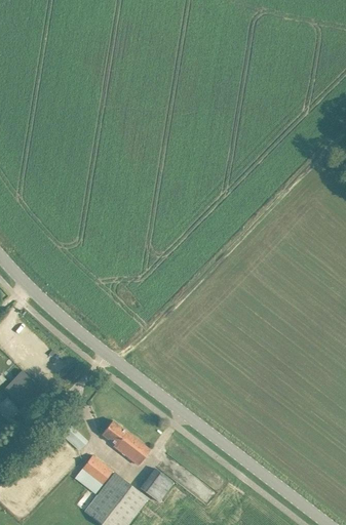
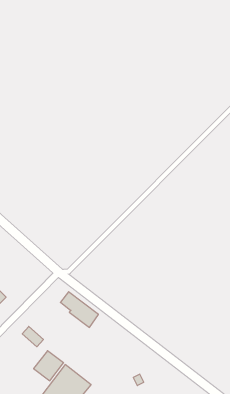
building: [101,420,149,466] -> [60,292,98,327]
building: [141,467,176,501] -> none

